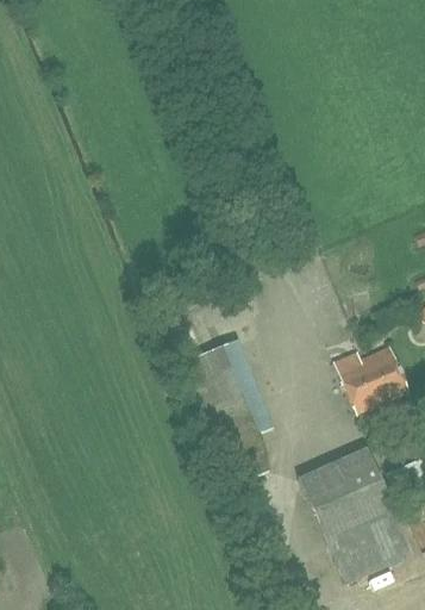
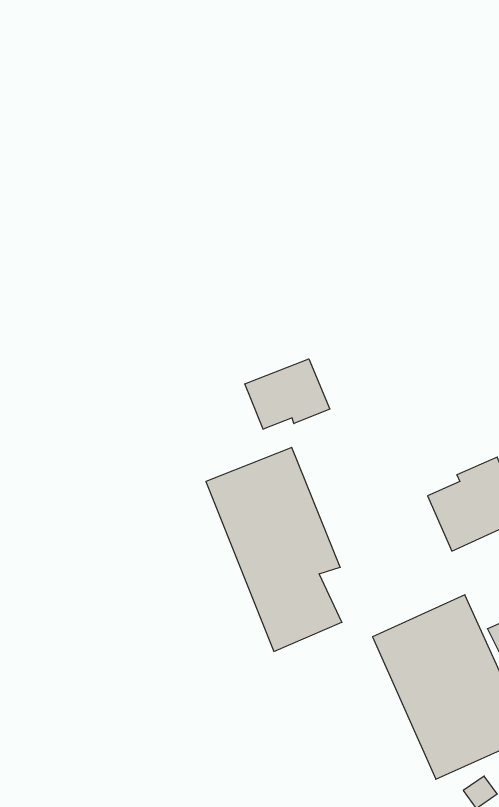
building: none -> [245,359,330,429]

